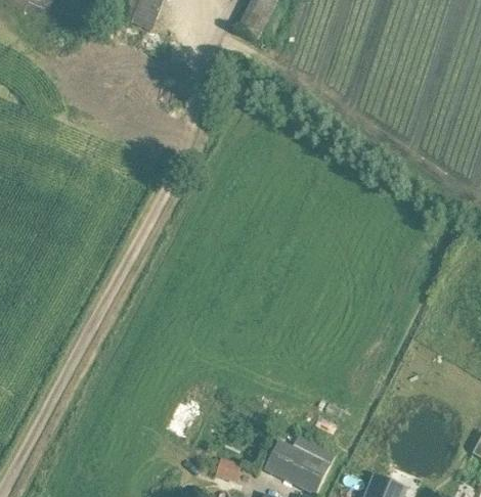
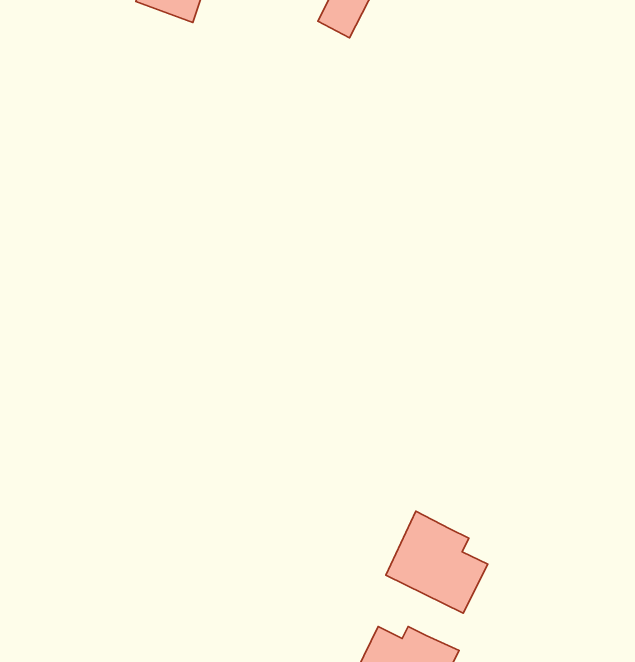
building: none -> [386,511,488,613]

